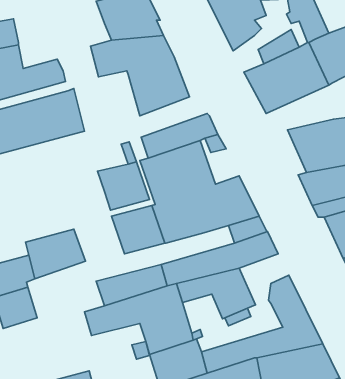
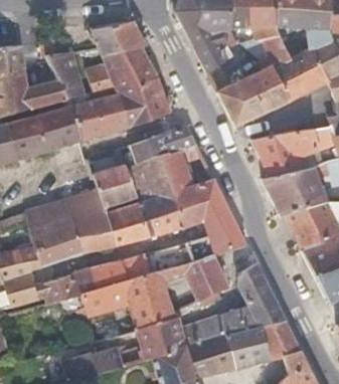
building: none -> [46,52,82,99]
building: none -> [72,92,129,142]
building: none -> [25,192,116,251]
building: none -> [43,268,99,305]

